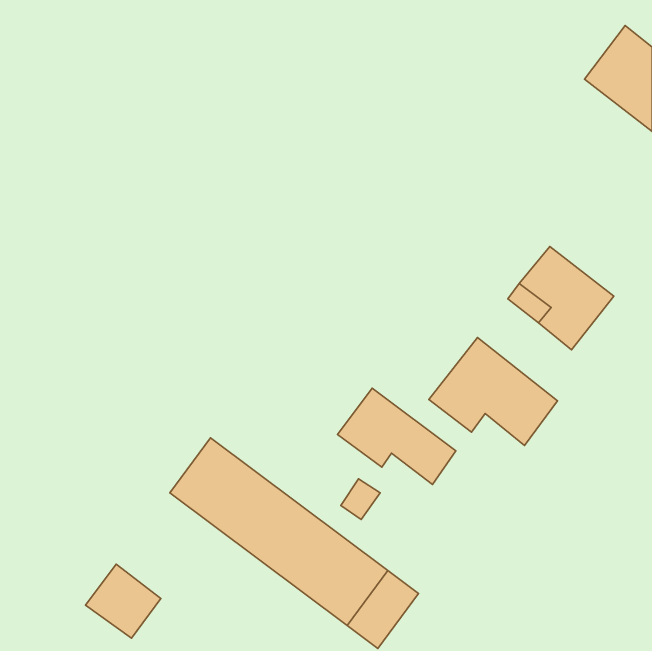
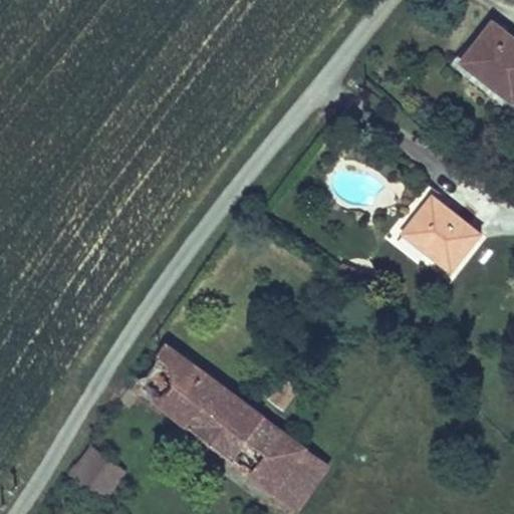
building: [429,338,558,445] -> none
building: [337,388,456,485] -> none

